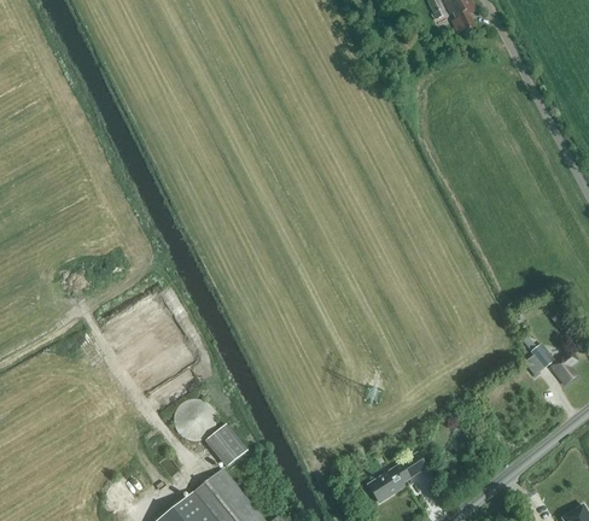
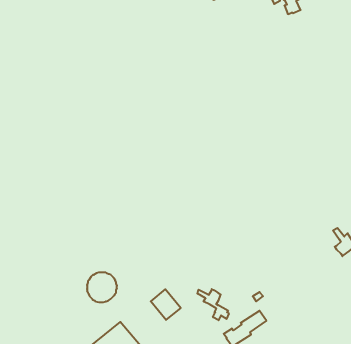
building: none -> [197,289,229,320]
building: [205,425,247,468] -> [151,289,181,320]

